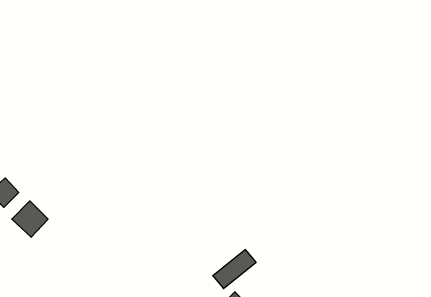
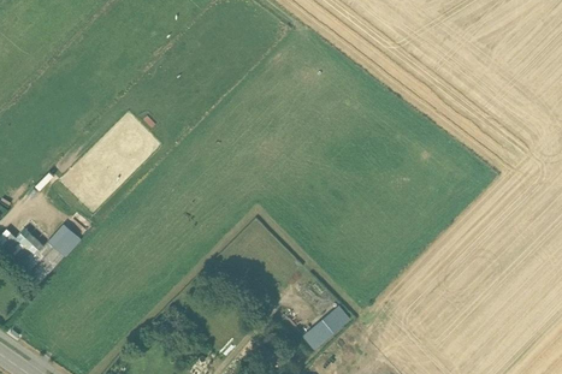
building: [12,201,48,237] -> none

